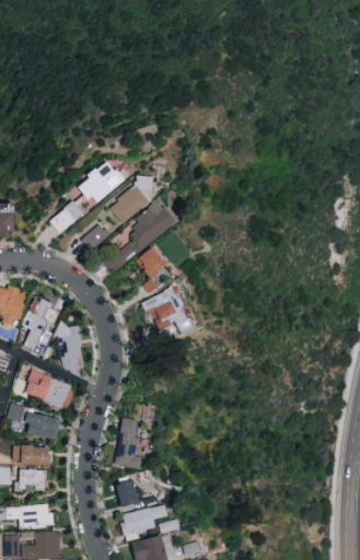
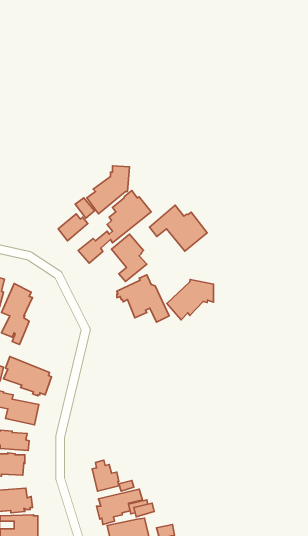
building: [78,161,129,202] -> none
building: [50,200,83,233] -> none
building: none -> [149,205,207,251]
building: none -> [167,280,214,320]
building: [54,320,81,372] -> none
building: [115,418,148,469] -> none

